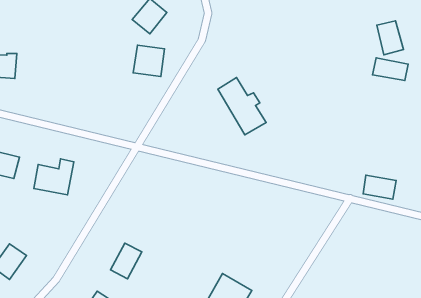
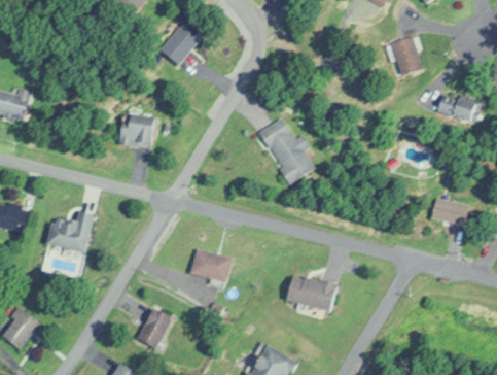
building: [377,21,404,55] -> [392,36,423,75]
building: [133,45,164,76] -> [120,113,156,149]
building: [363,175,396,199] -> [433,196,471,224]
building: none -> [191,248,232,281]
building: none -> [286,273,338,310]

